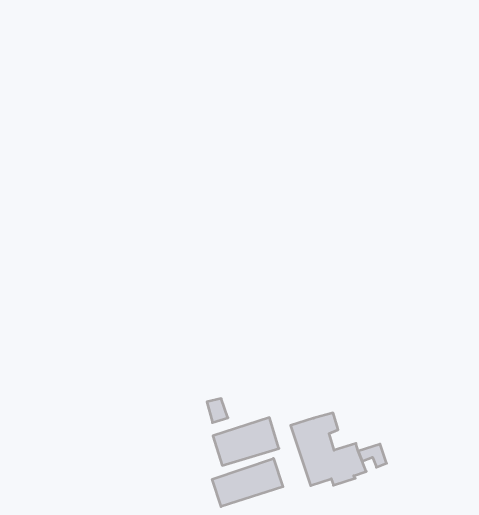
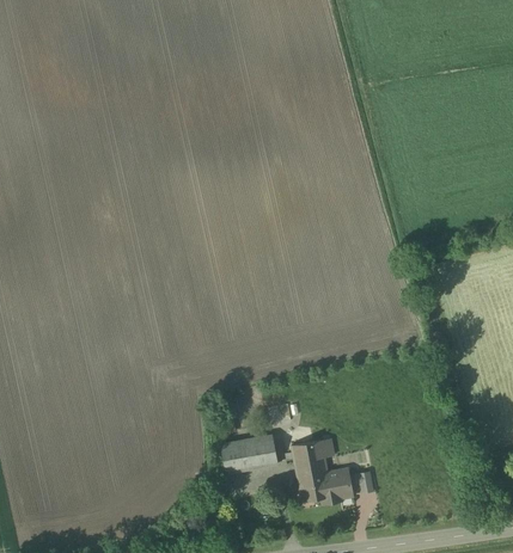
building: [212,458,283,507] -> none

